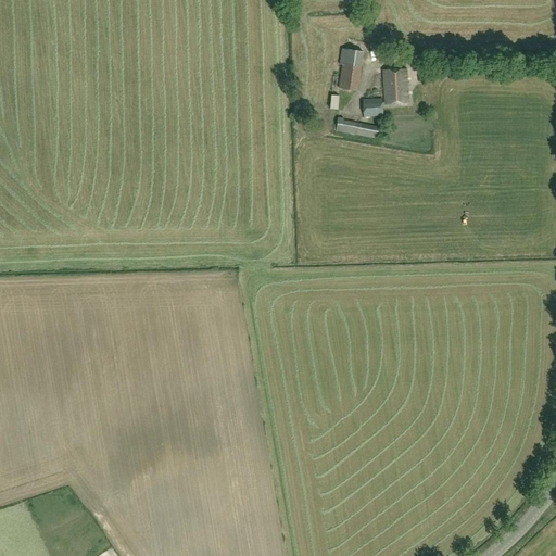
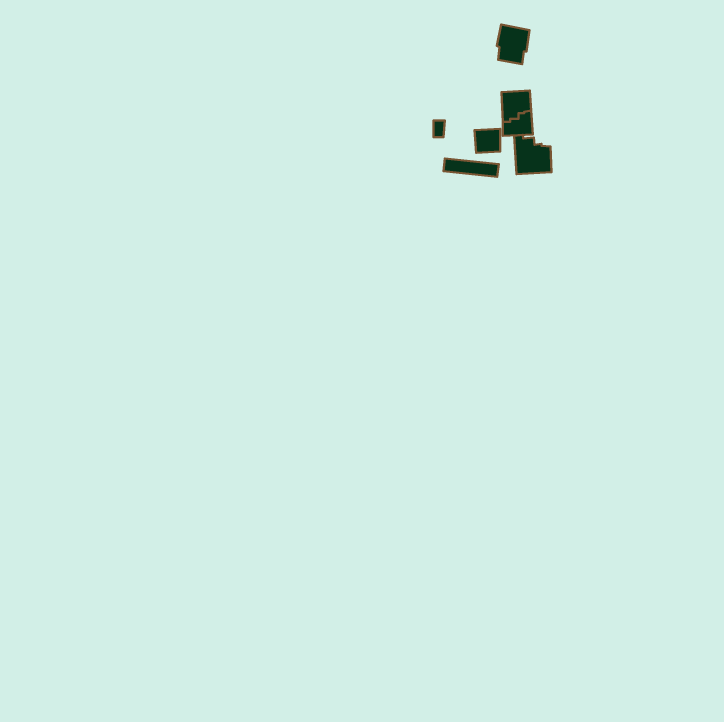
building: [339,48,364,78] -> [497,24,529,64]
building: none -> [514,135,552,174]

